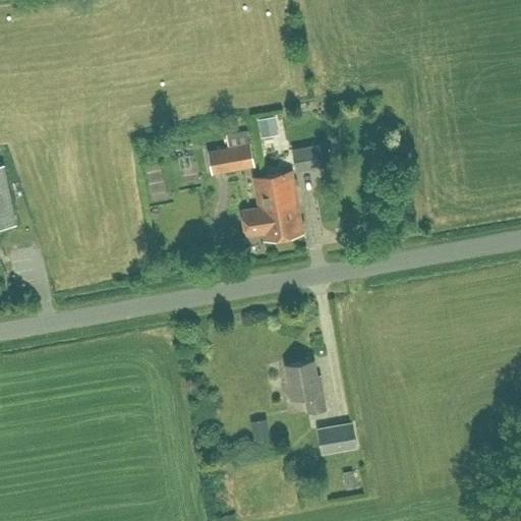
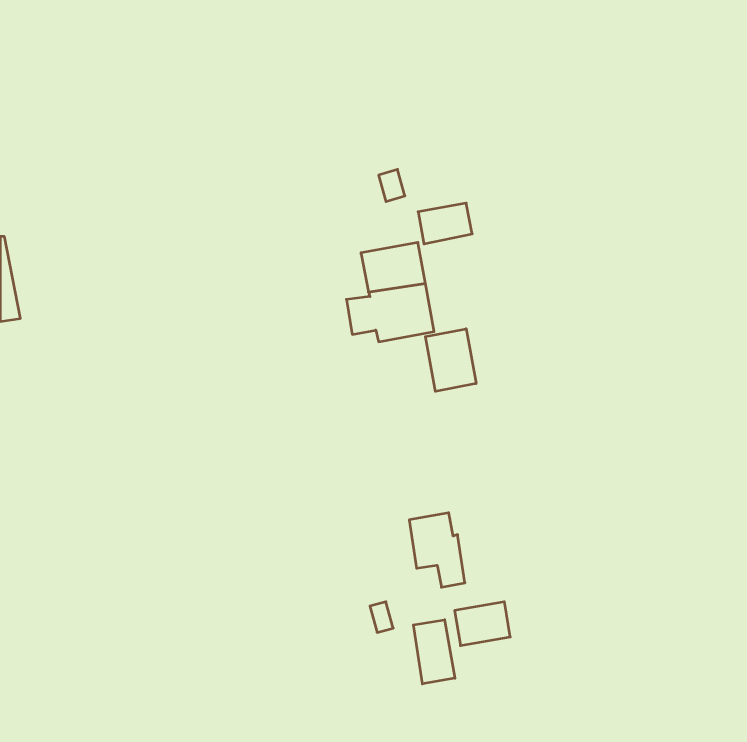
building: [221,147,252,175] -> none
building: none -> [425,329,476,391]
building: none -> [413,620,455,684]

